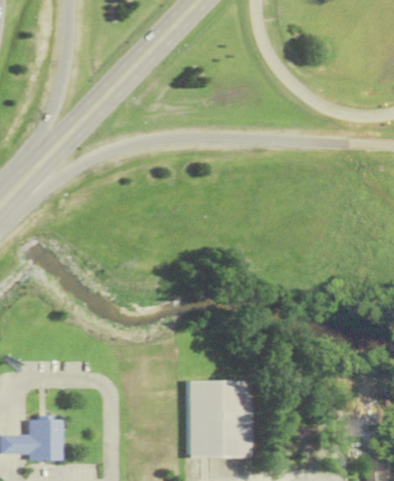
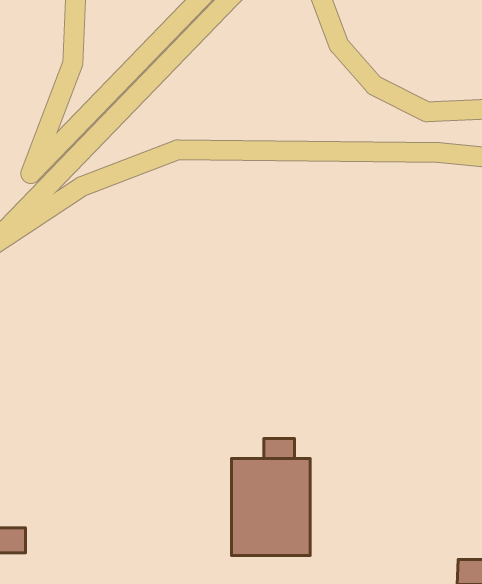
building: none -> [264,439,295,458]
building: [29,420,62,461] -> none

